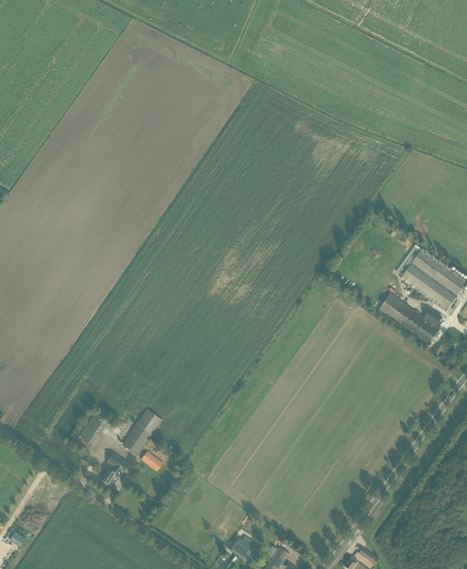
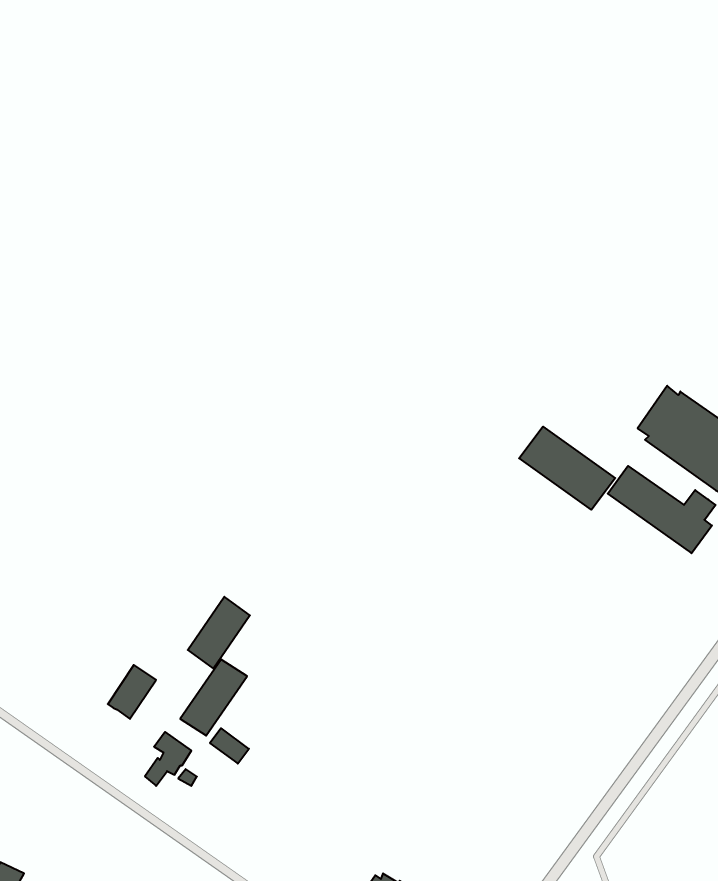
building: none -> [519,427,615,510]
building: none -> [188,597,250,669]

